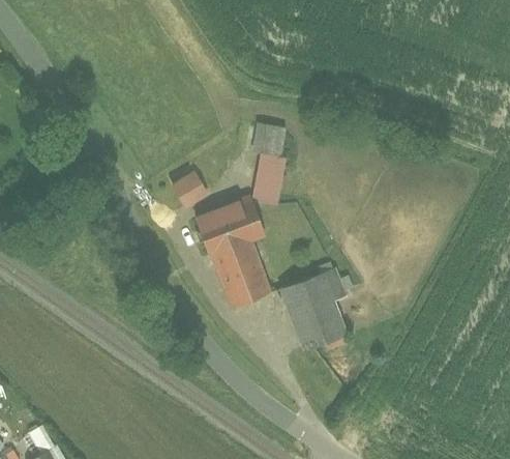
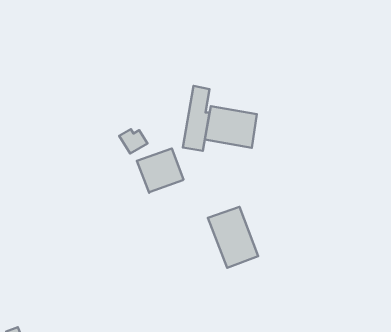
building: none -> [205,106,257,148]
building: [211,240,271,307] -> none

